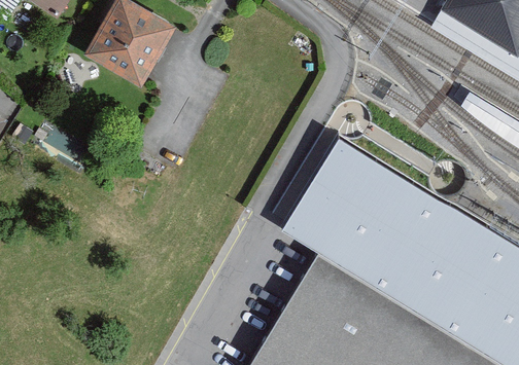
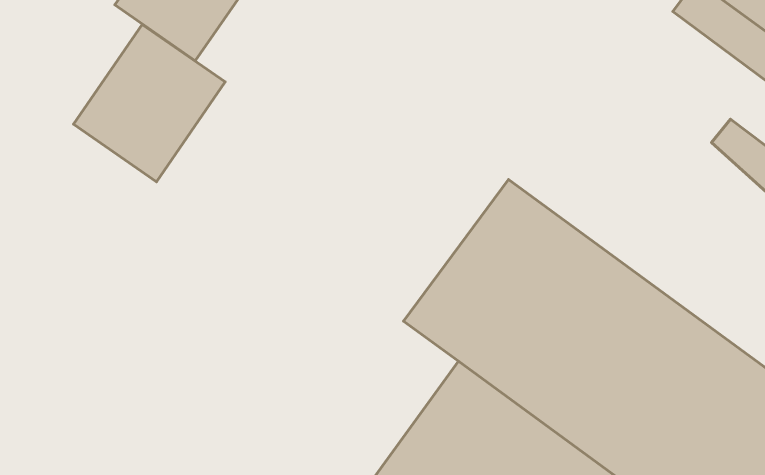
building: none -> [73,25,225,182]

